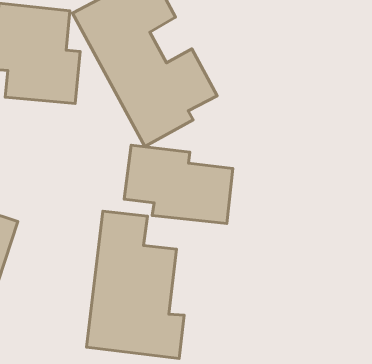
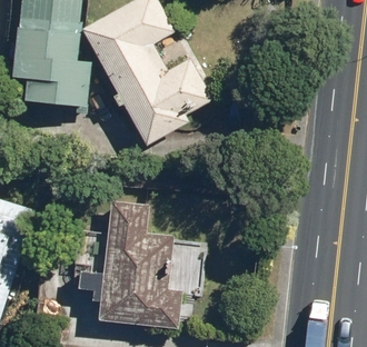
building: [124,145,233,224] -> none

